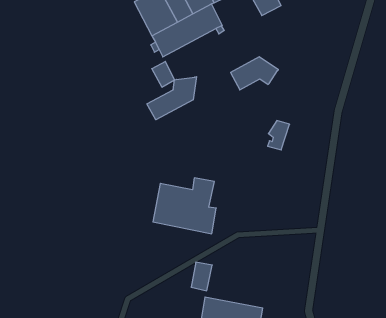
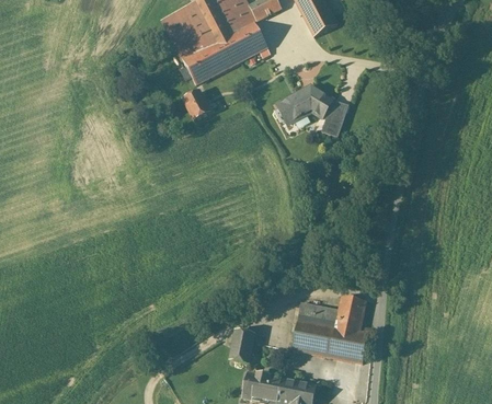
building: [147,77,196,120] -> none
building: [268,121,290,150] -> [321,102,347,137]
building: [153,178,216,234] -> [291,297,367,363]

